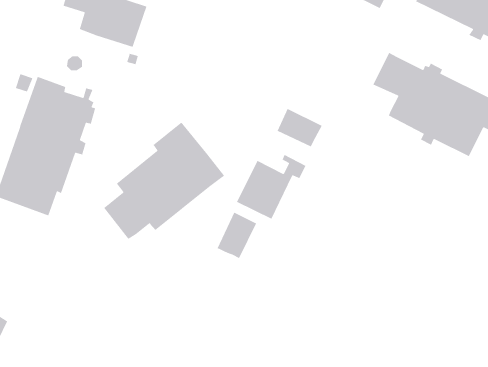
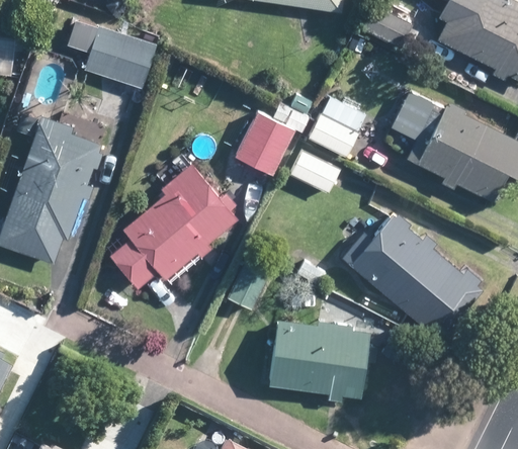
building: none -> [309,98,366,157]
building: [236,154,307,220] -> [235,106,309,175]
building: none -> [343,214,483,341]
building: none -> [269,321,377,401]

